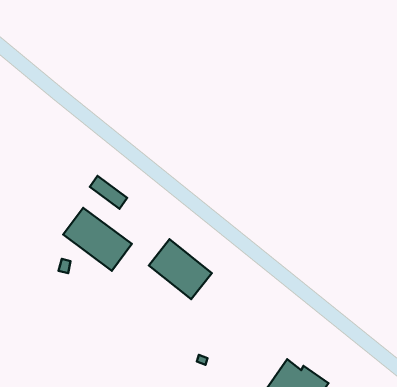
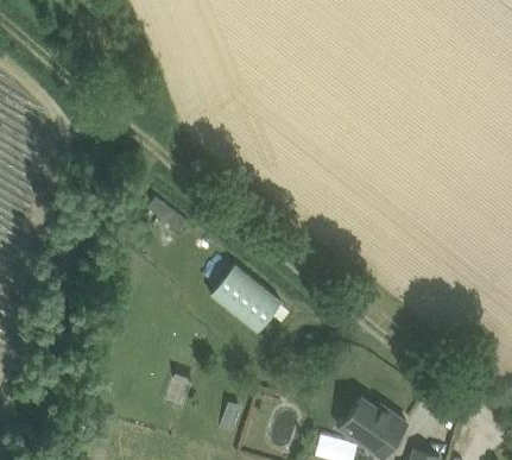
building: [63,208,132,271] -> none

